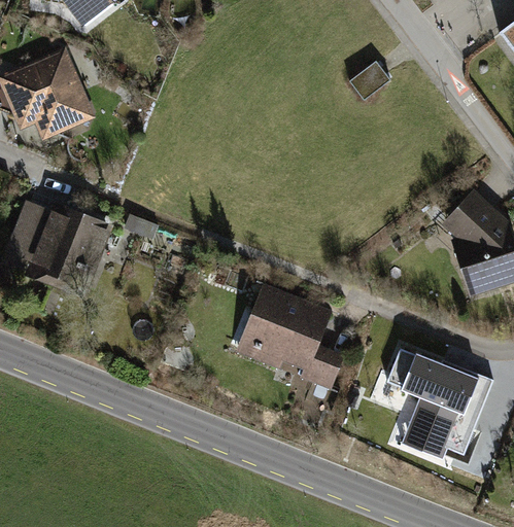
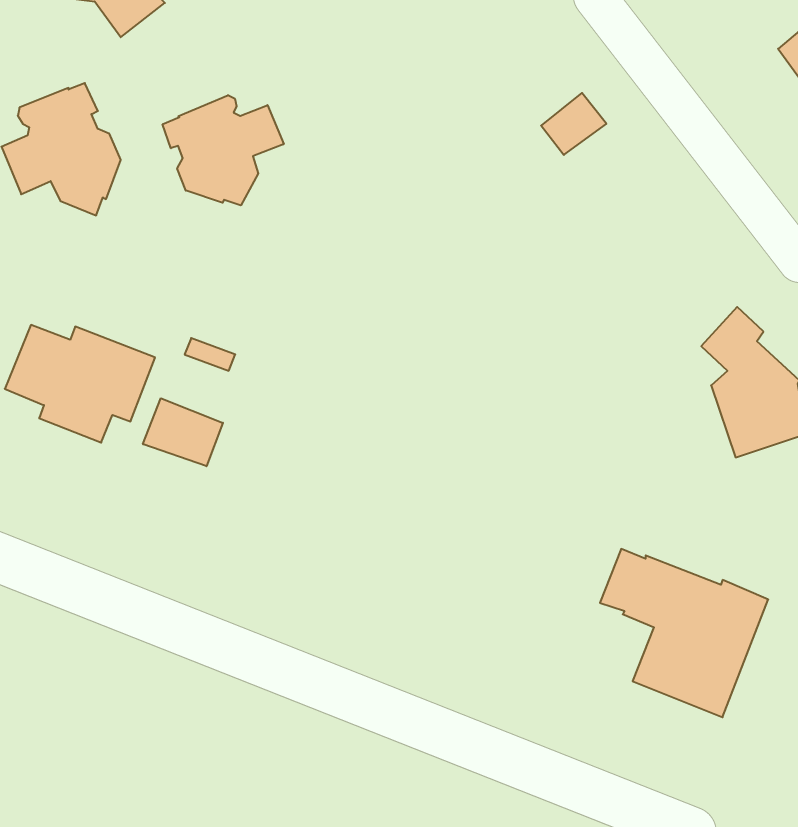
building: none -> [163,95,284,205]
building: none -> [143,398,223,466]
building: [238,291,342,385] -> none

